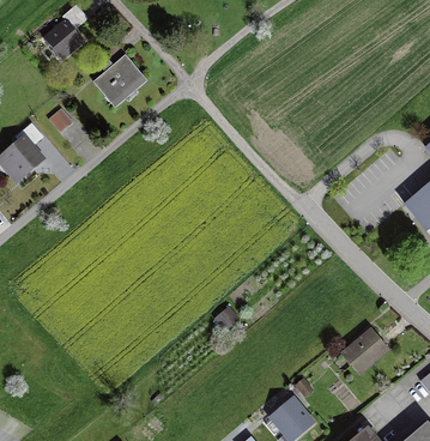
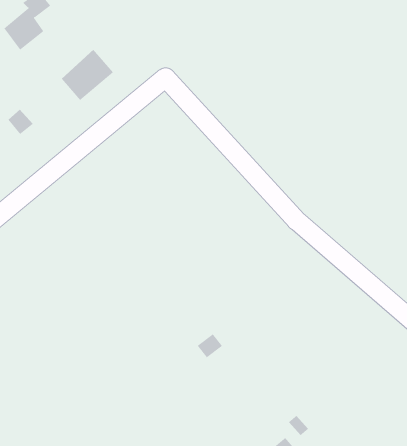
building: [343,330,388,374] -> none

